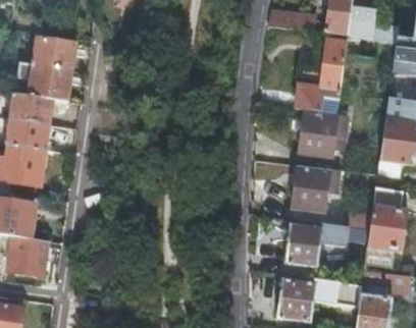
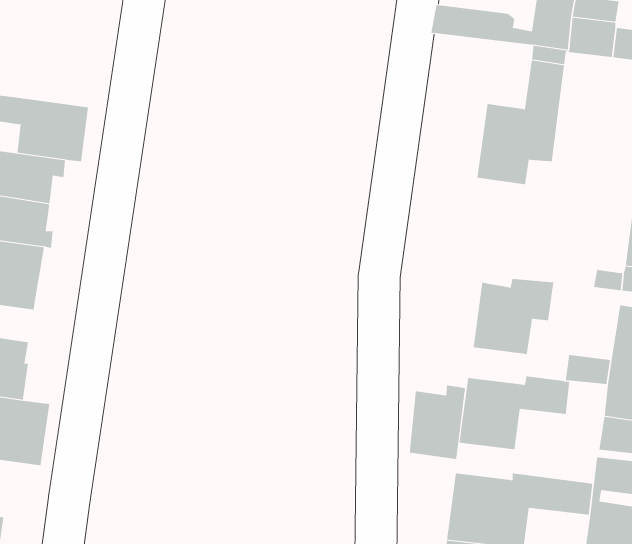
building: [34,37,75,68] -> none
building: [299,114,353,157] -> none
building: none -> [409,385,465,460]

